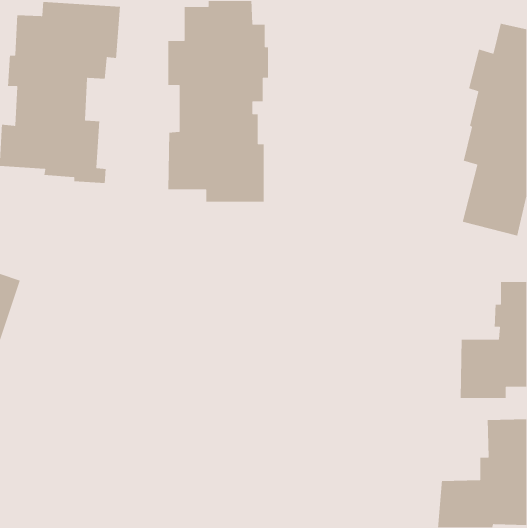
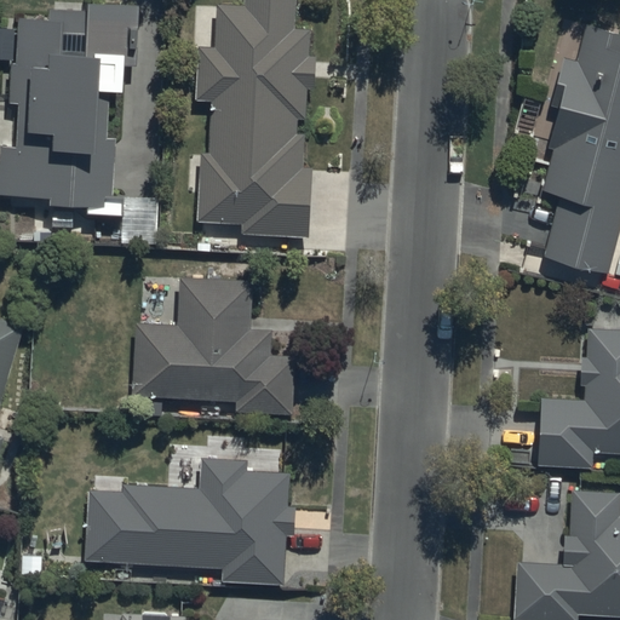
building: none -> [133,279,294,414]
building: none -> [84,458,299,586]

